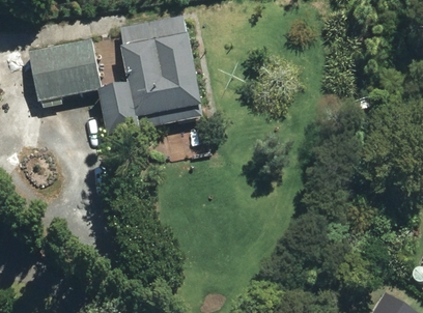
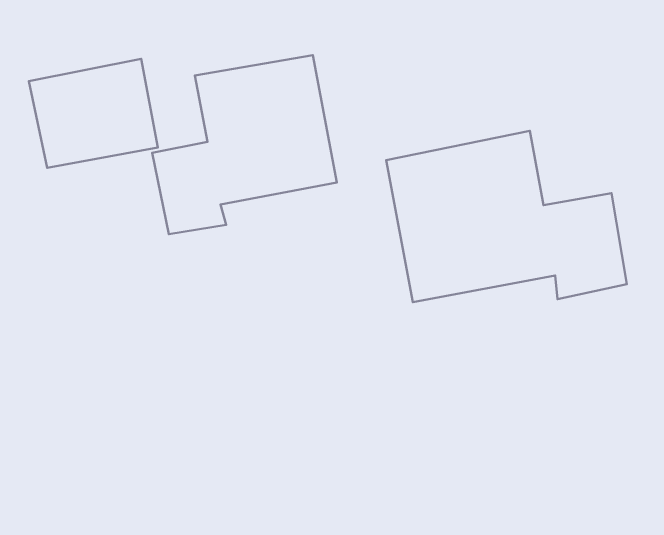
building: none -> [386,131,627,302]

